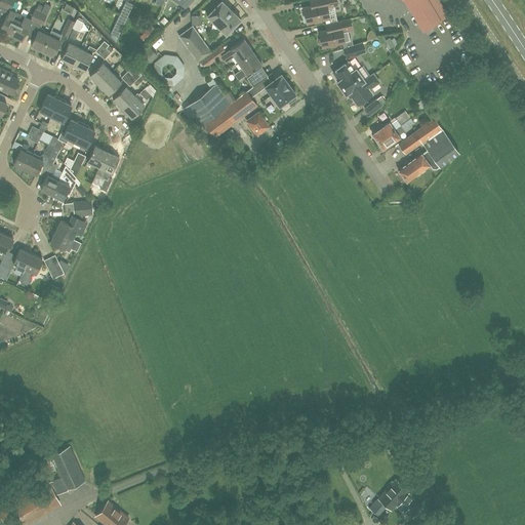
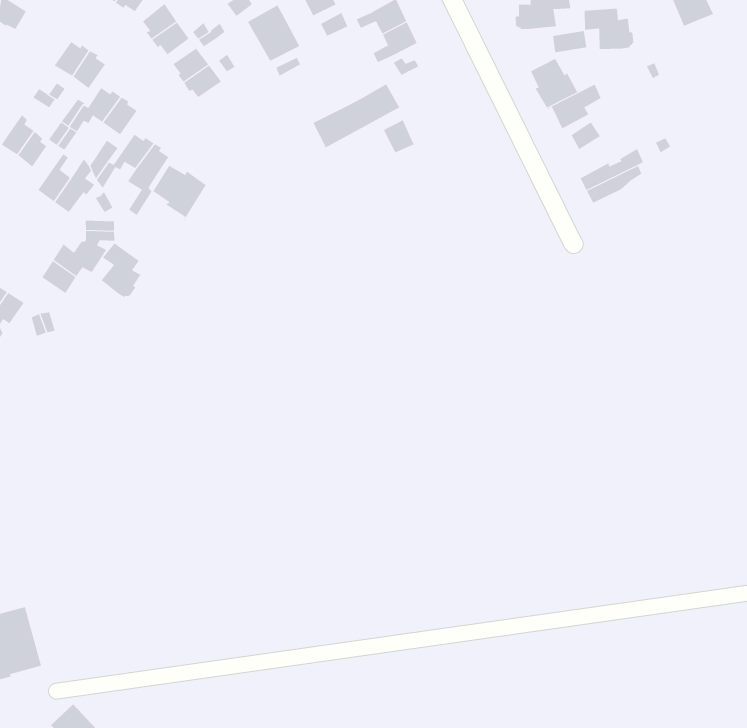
building: none -> [584,8,634,50]
building: [265,74,296,107] -> none
building: [183,92,224,128] -> none
building: [396,117,458,181] -> none
building: none -> [152,165,206,236]
building: none -> [101,242,141,298]

